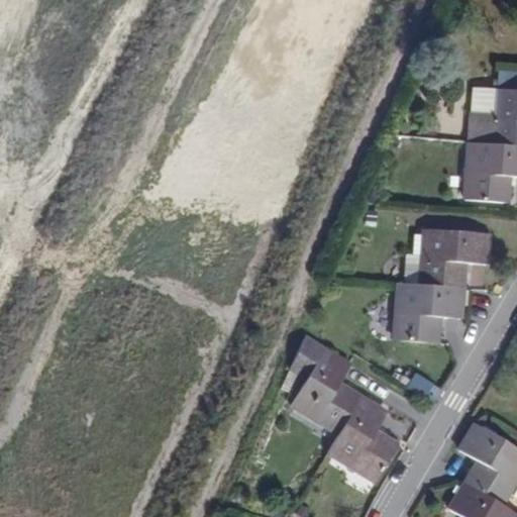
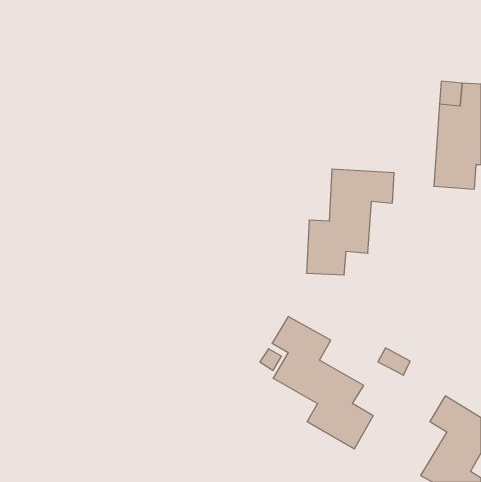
building: [396,228,490,341] -> [306,169,394,275]

